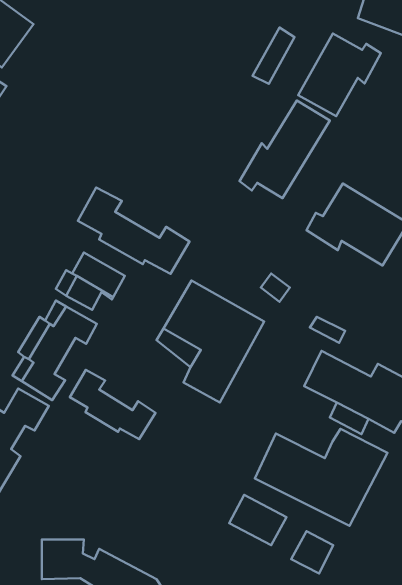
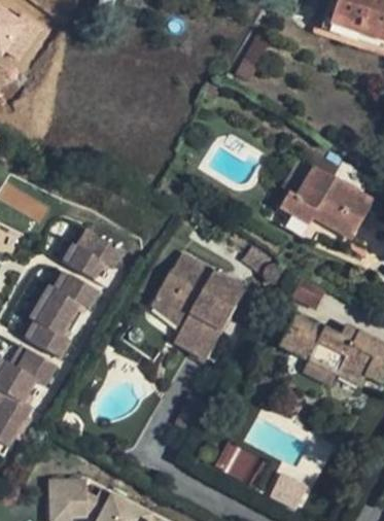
building: [298,33,381,116] -> none
building: [239,101,330,198] -> none
building: [78,187,190,274] -> none
building: [70,370,156,439] -> none
building: [255,429,387,526] -> none

